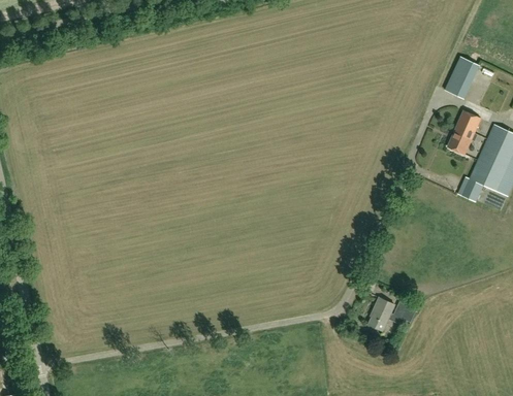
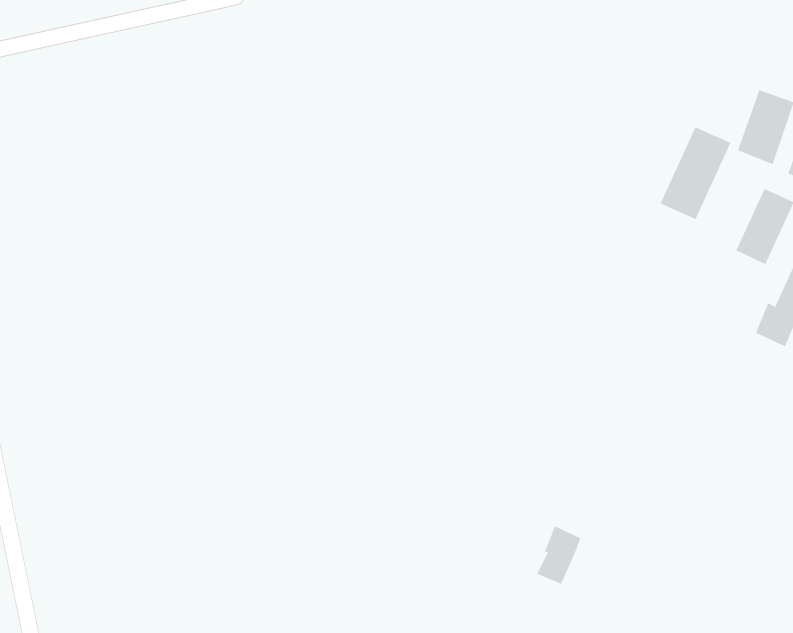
building: none -> [660,127,731,220]
building: [367,297,393,331] -> [537,526,581,585]

